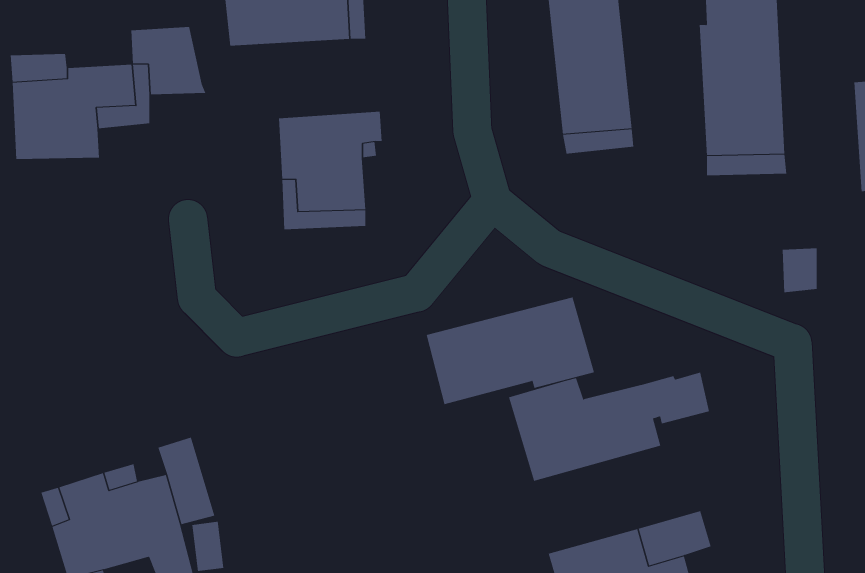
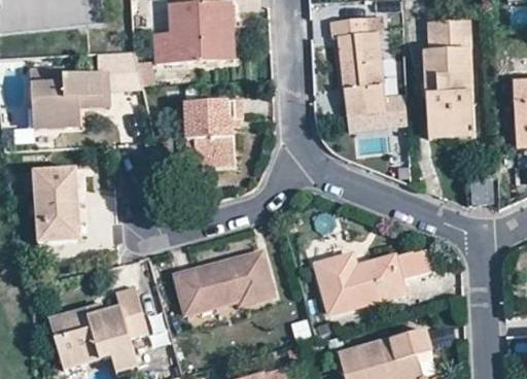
building: none -> [32,167,82,241]
building: [426,297,595,405] -> [176,251,273,313]

